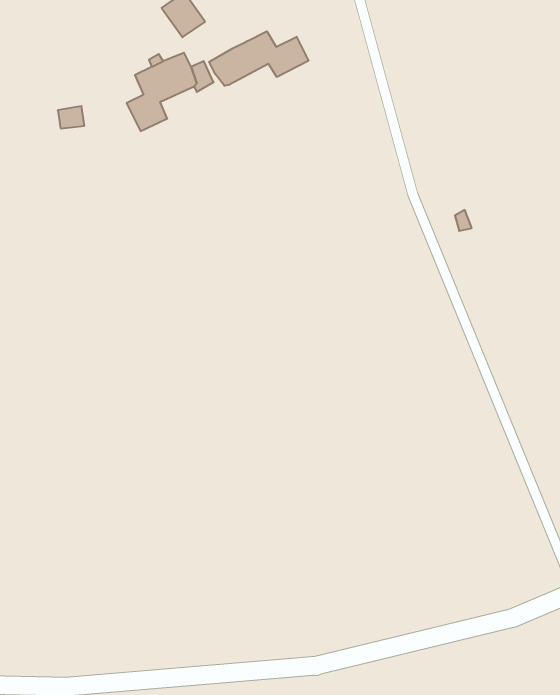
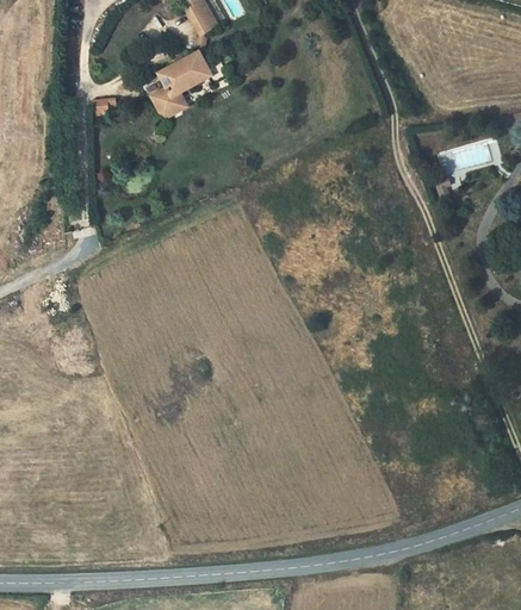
building: [209,31,309,86] -> none

